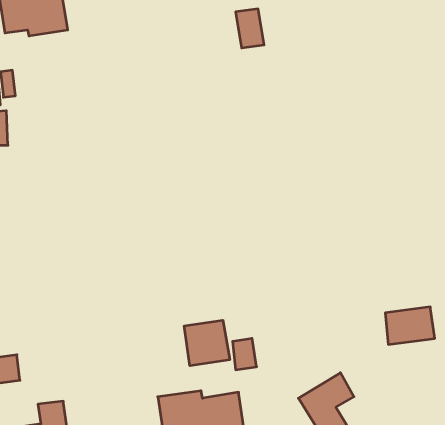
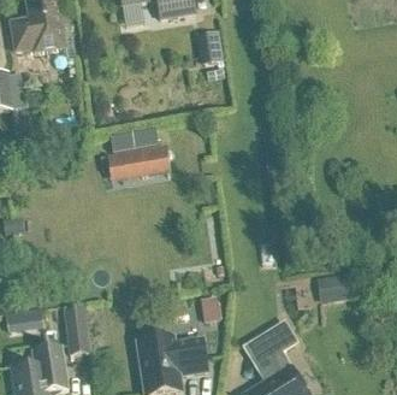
building: none -> [112,131,168,178]
building: [184,320,230,366] -> none
building: none -> [64,307,90,354]

